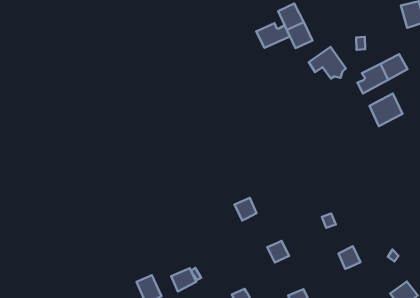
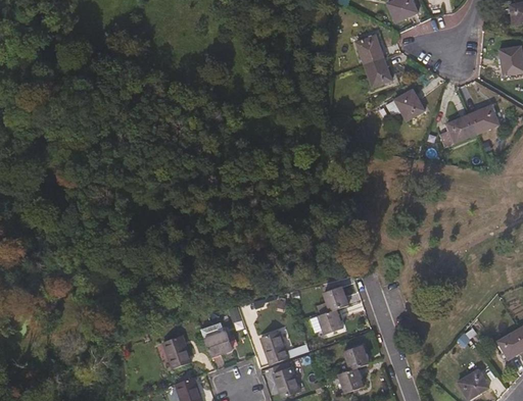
building: [256,23,290,48] -> none
building: [369,94,403,126] -> none
building: [235,198,257,221] -> [324,286,348,311]
building: [339,246,361,269] -> [344,344,369,369]
building: none -> [260,331,289,364]

